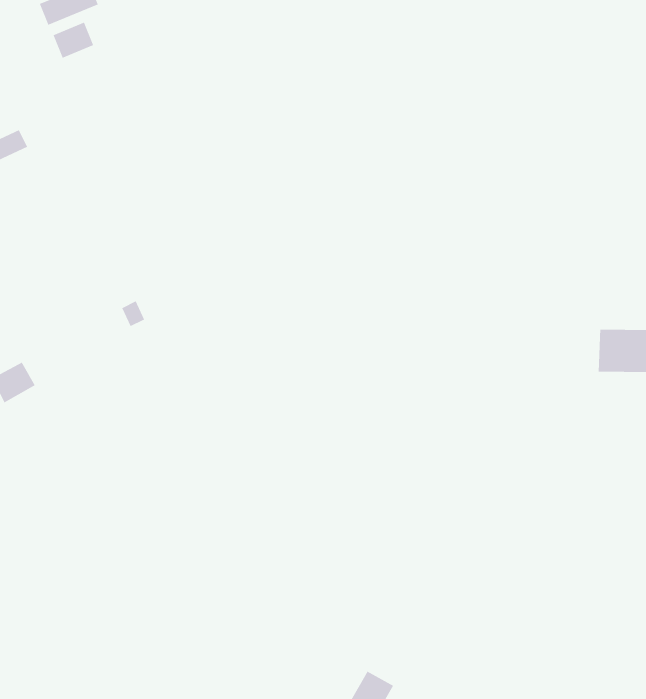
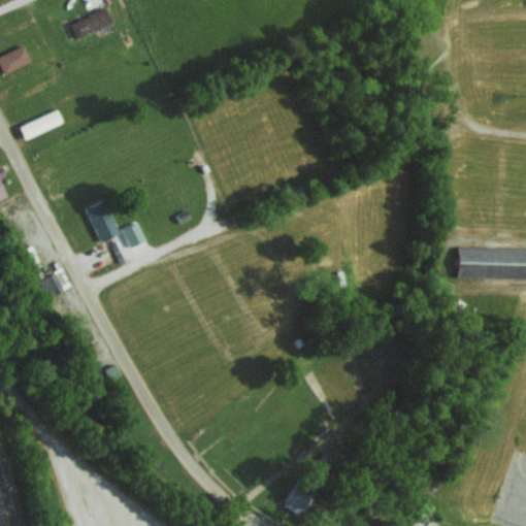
building: [53,22,94,59] -> none
building: none -> [86,201,119,242]

